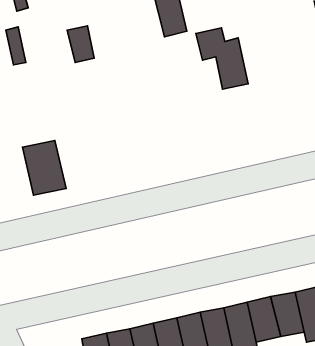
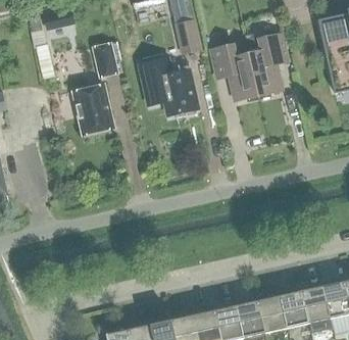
building: none -> [249,34,288,96]
building: none -> [141,58,197,115]
building: [22,140,66,195] -> [73,85,113,135]

